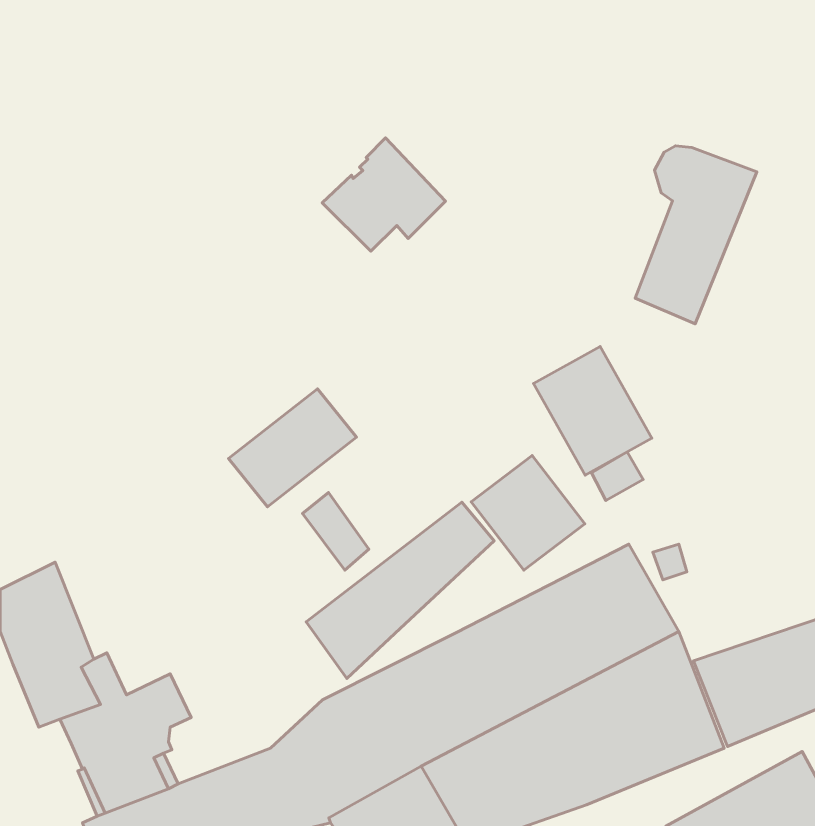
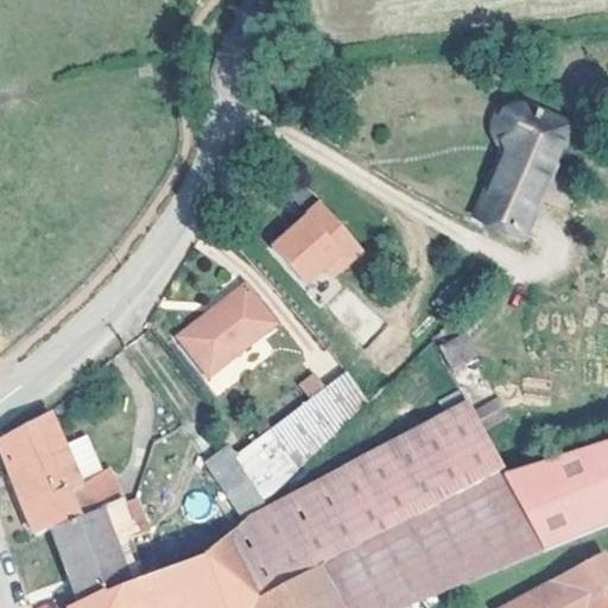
building: [322,138,445,251] -> [268,200,359,283]
building: [533,347,652,475] -> none
building: [471,455,585,570] -> none
building: [303,492,369,570] -> [215,457,264,514]

